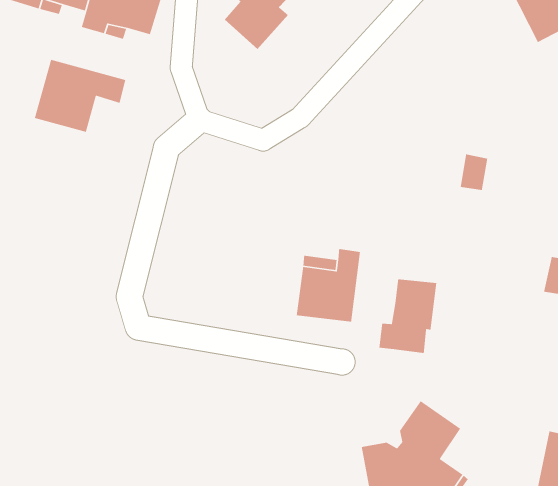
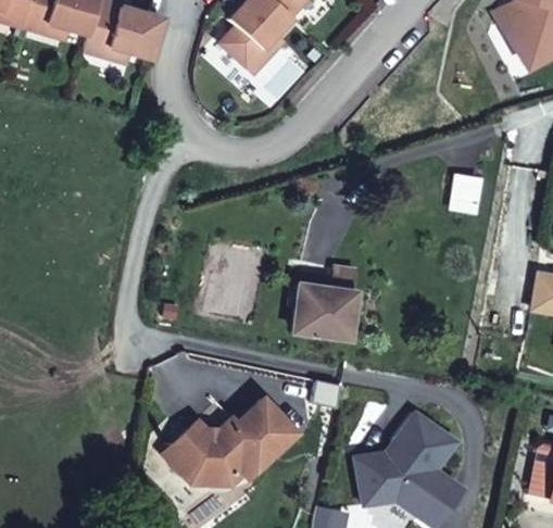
building: [34,59,126,133] -> none
building: [378,278,437,354] -> none
building: none -> [167,400,294,478]

